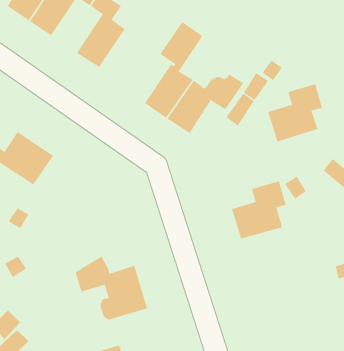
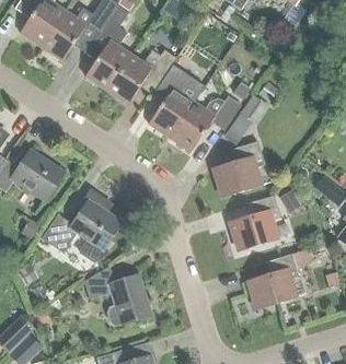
building: none -> [106,49,175,105]
building: [268,84,323,142] -> [212,142,264,197]
building: none -> [42,190,122,261]
building: none -> [247,254,305,309]

